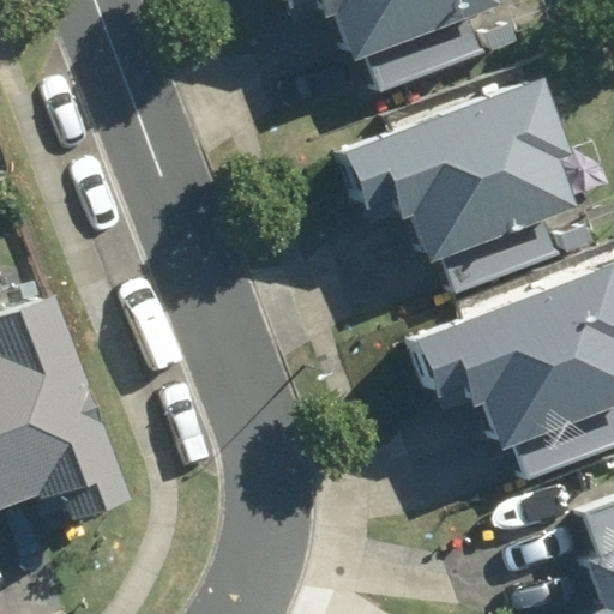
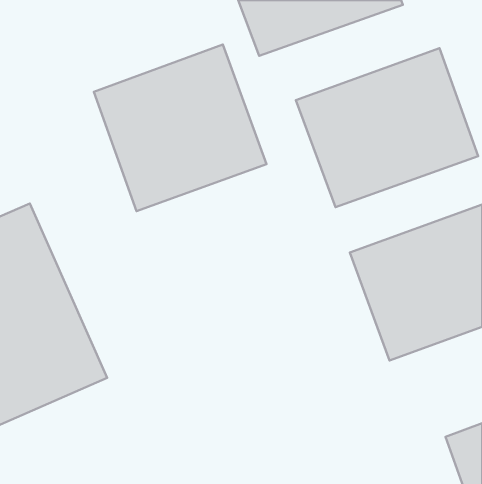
building: none -> [94,45,266,211]

